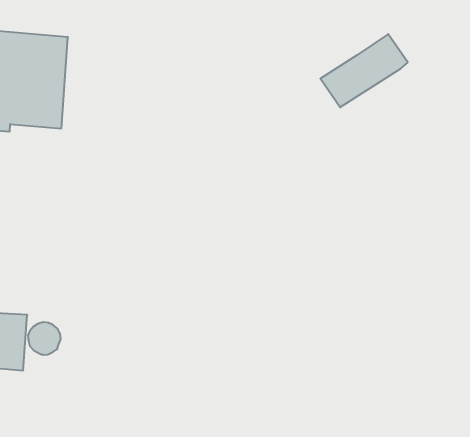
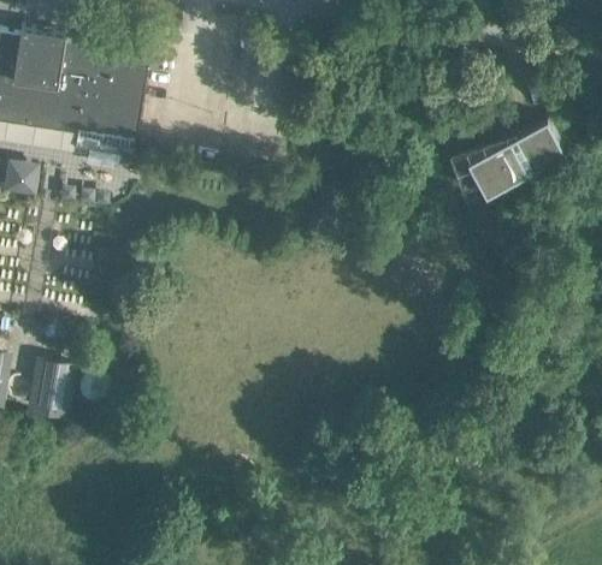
building: [320,34,408,107] -> [464,119,562,196]

